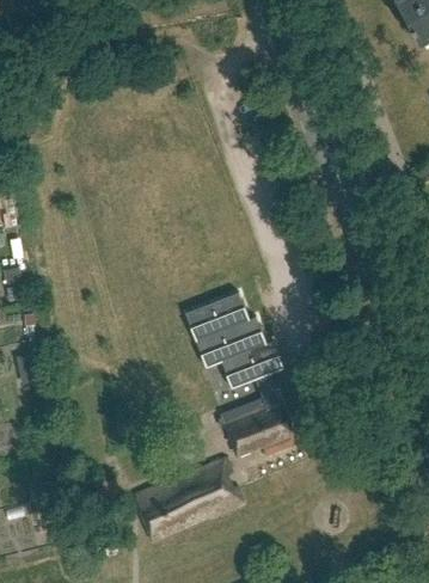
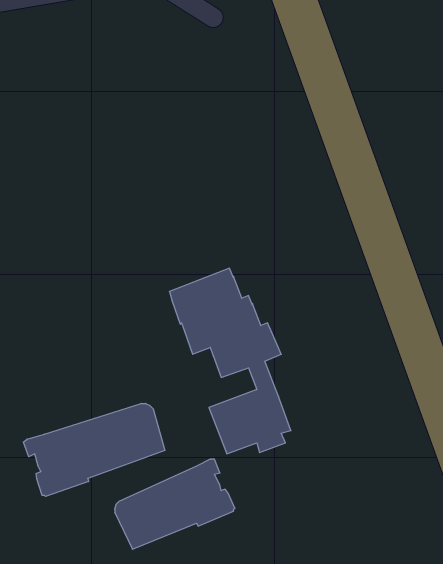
building: none -> [23,403,165,496]

